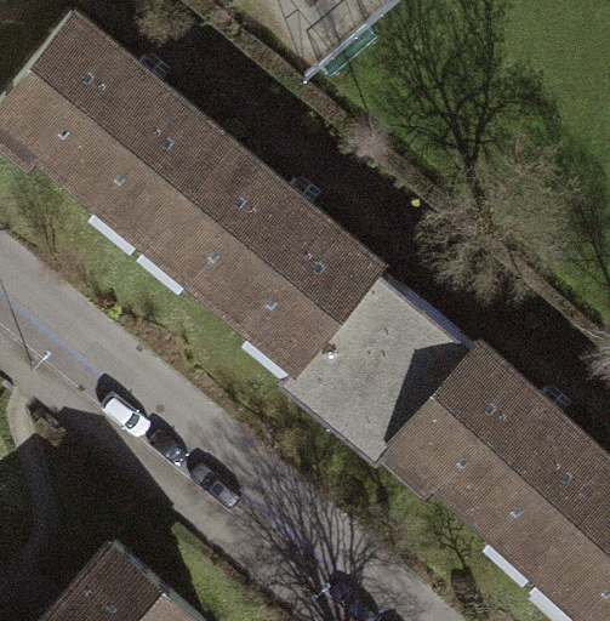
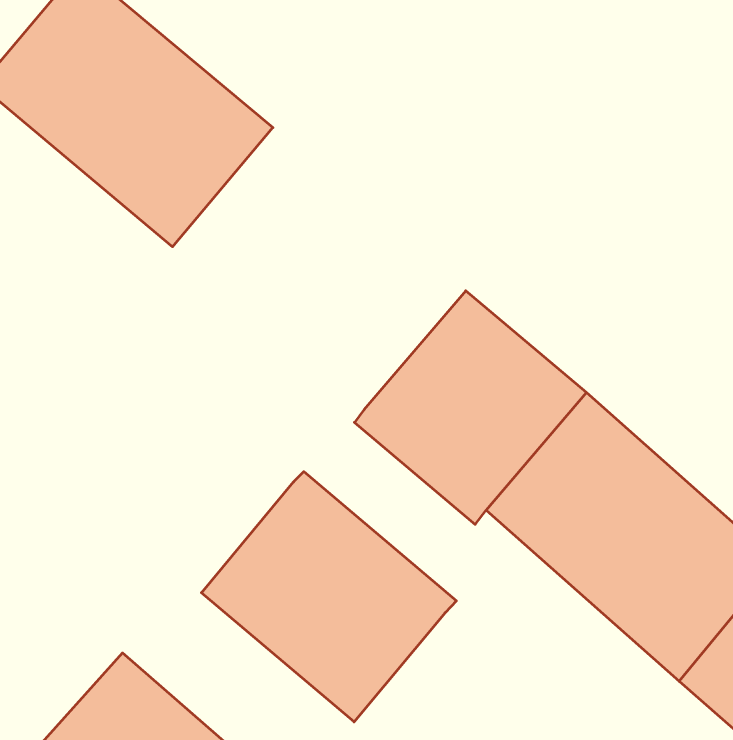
building: [147,143,374,361] -> none
building: none -> [201,472,456,722]

